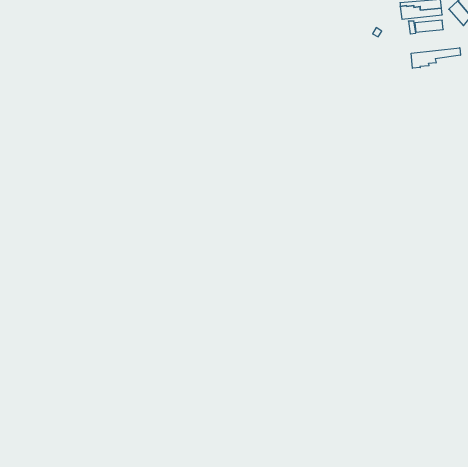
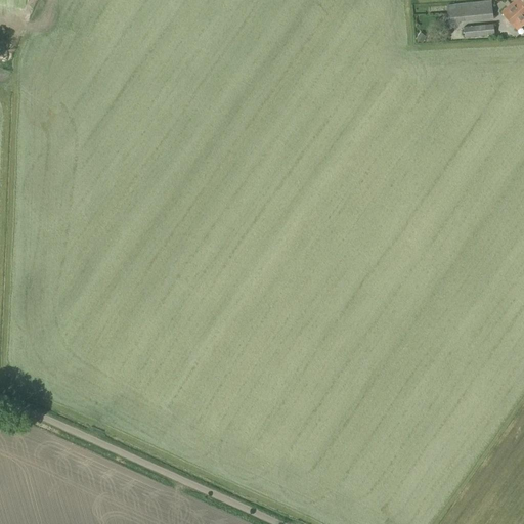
building: [411,48,460,68] -> none

